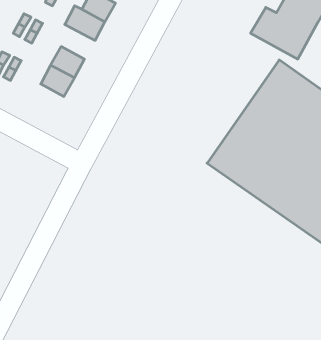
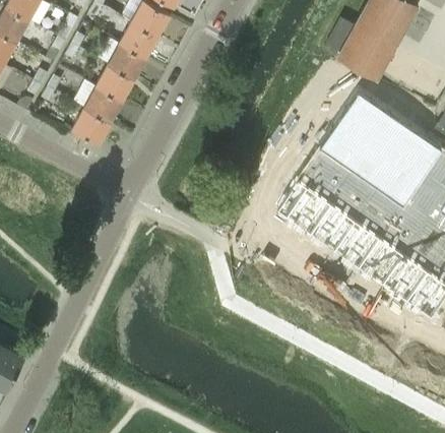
building: none -> [108,44,146,79]
building: none -> [72,108,111,144]

